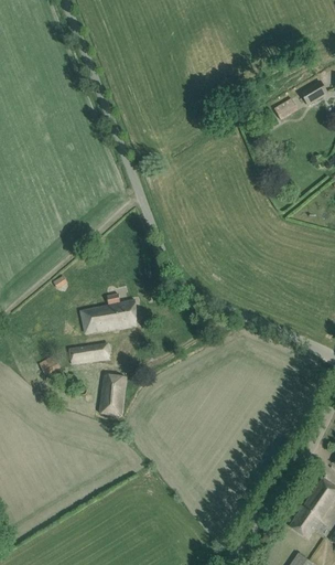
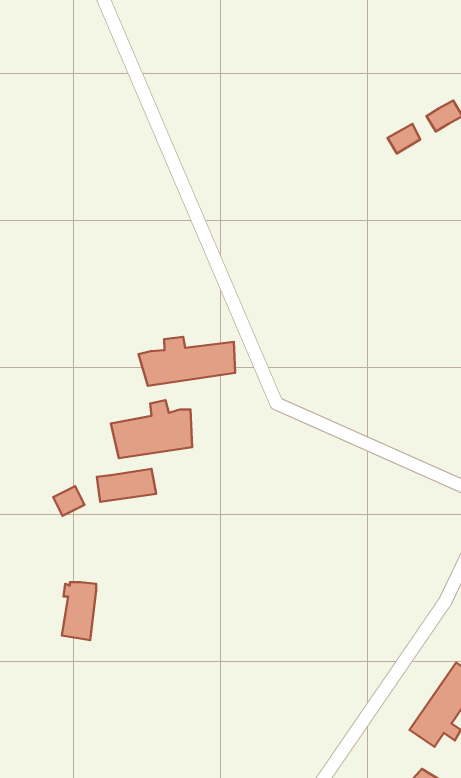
building: none -> [138,337,235,386]
building: [101,375,126,416] -> [62,582,96,640]

